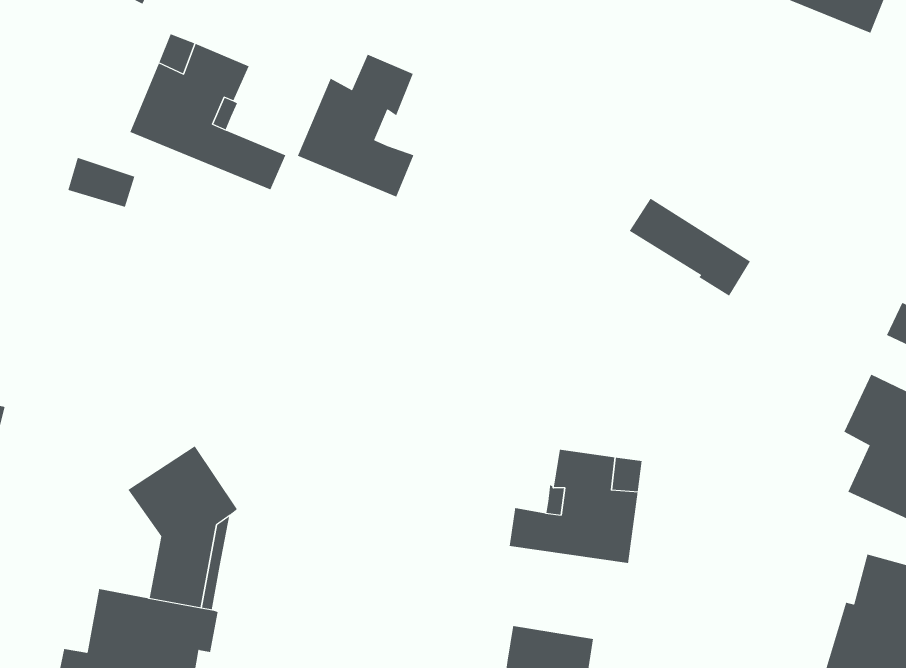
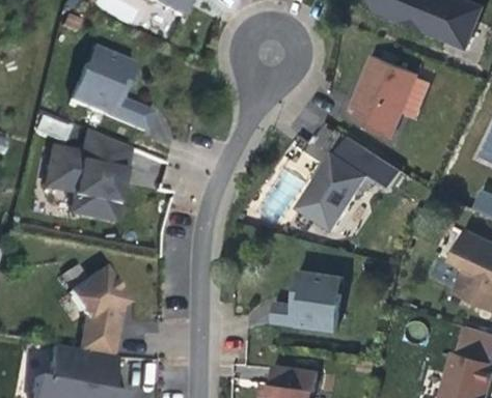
building: none -> [350,56,418,139]
building: [297,54,414,198] -> none
building: none -> [44,131,130,222]
building: none -> [300,152,376,231]

